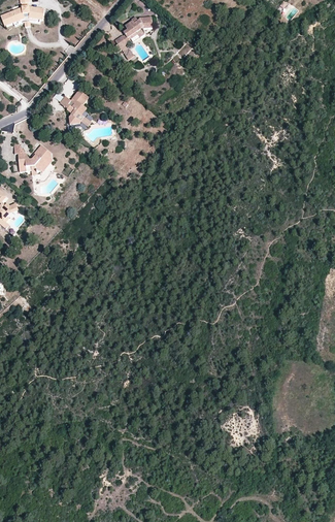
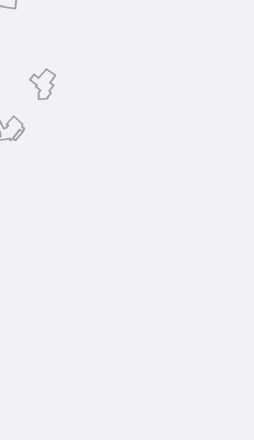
building: [114,15,153,47] -> none

